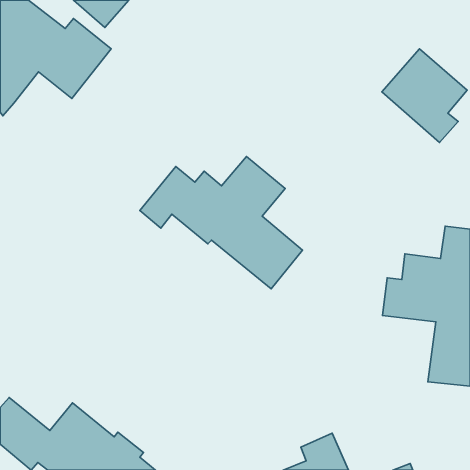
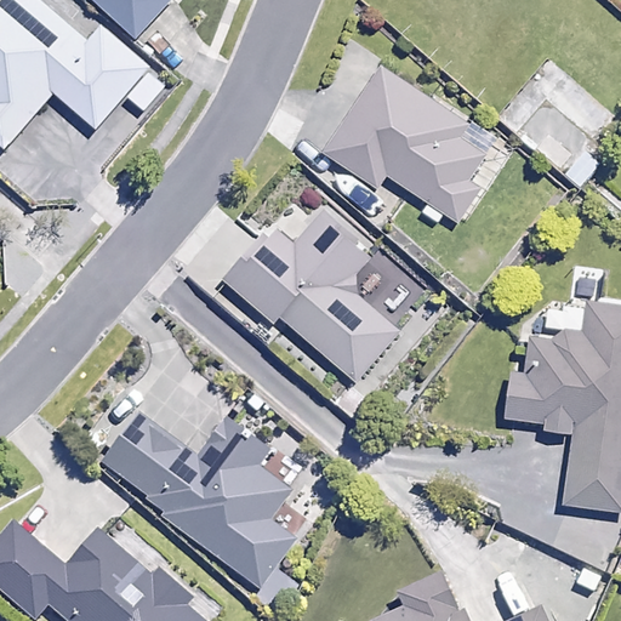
building: none -> [324,65,485,222]
building: none -> [96,414,296,589]

